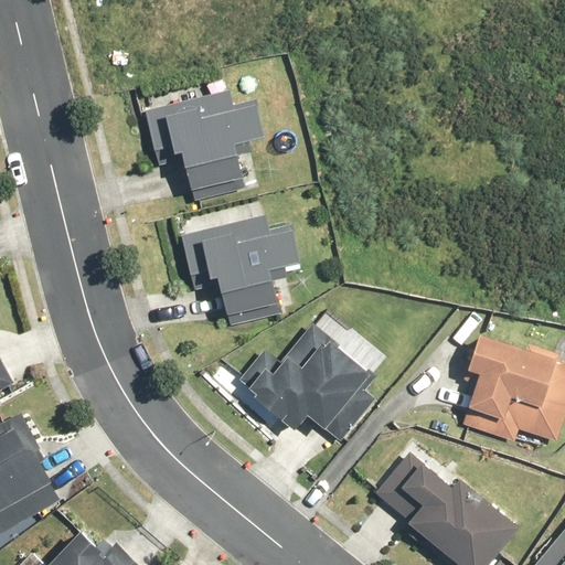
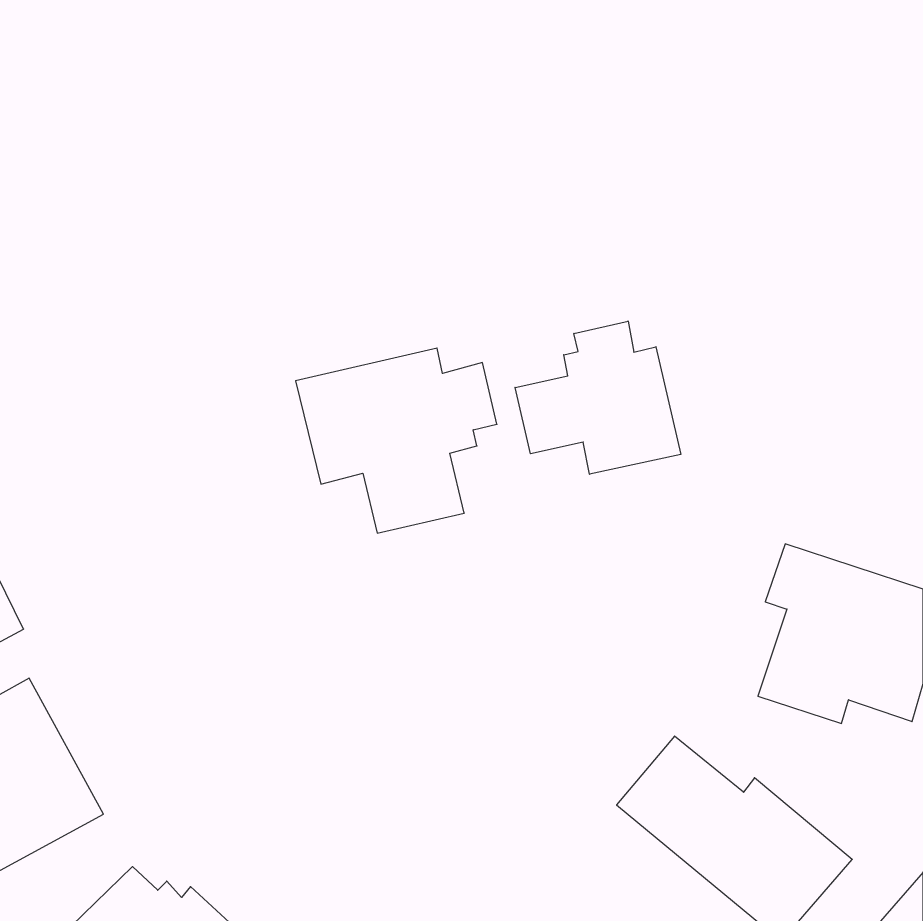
building: [143,90,267,201] -> none
building: none -> [515,321,681,474]
building: [236,326,377,441] -> none

